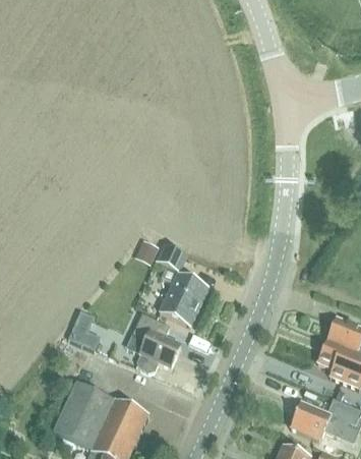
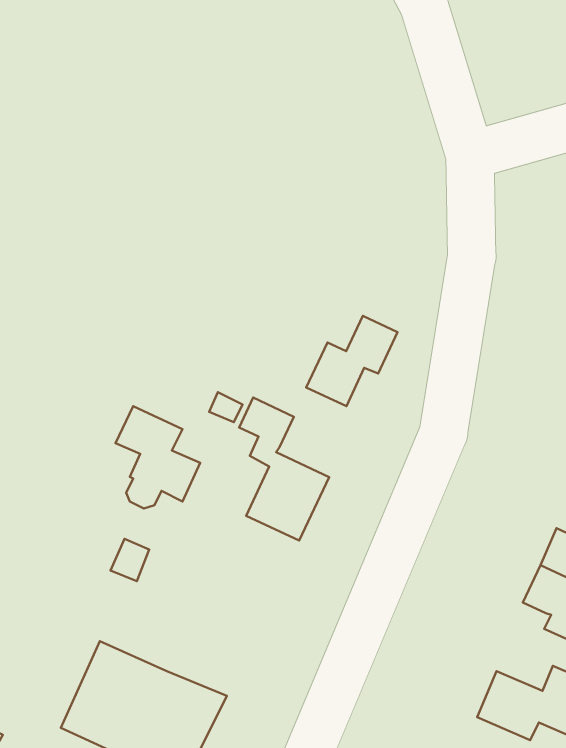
building: none -> [306,316,397,406]
building: [129,312,178,371] -> [116,406,200,509]

